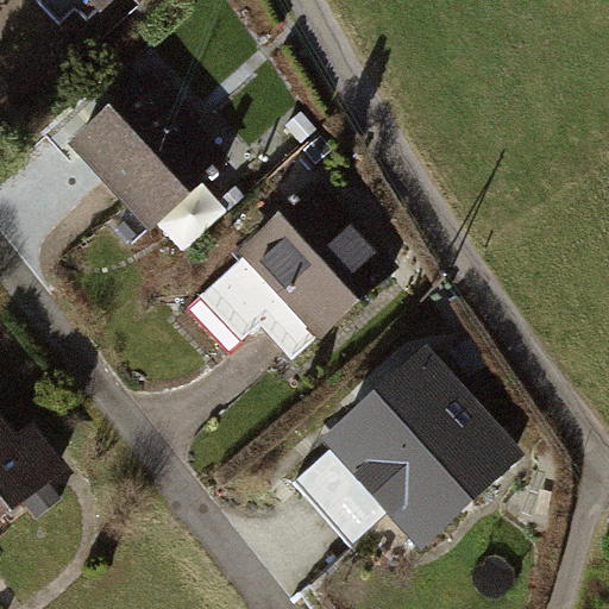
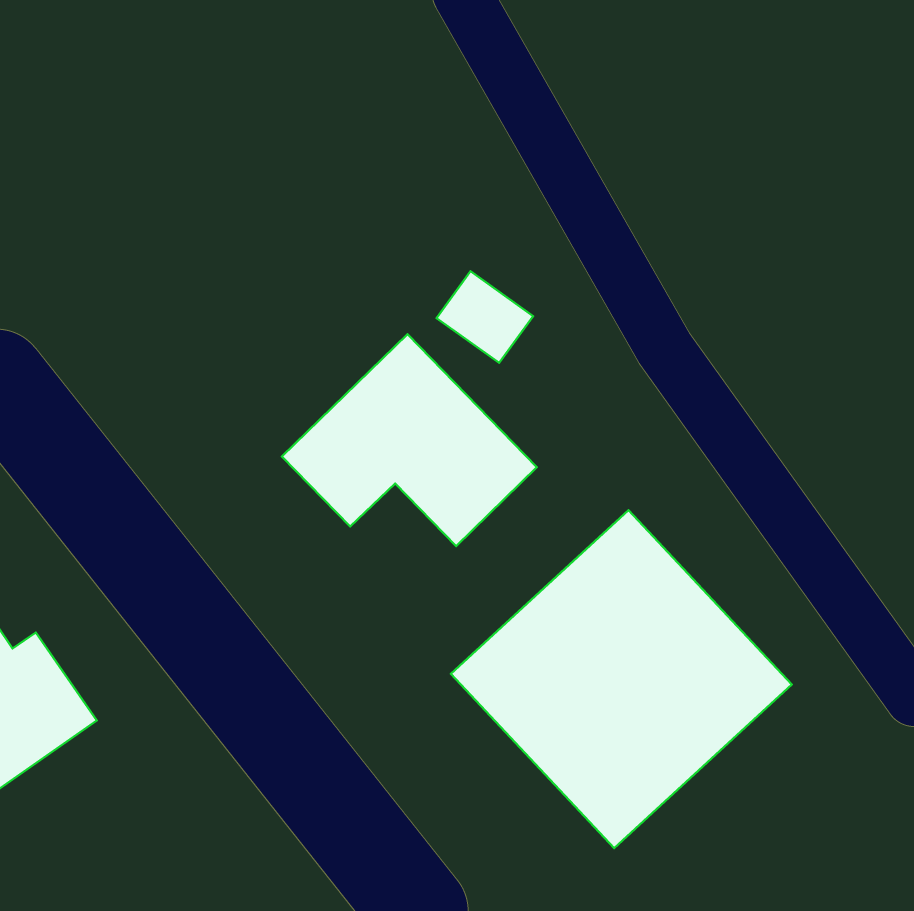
building: [70,76,231,237] -> none

